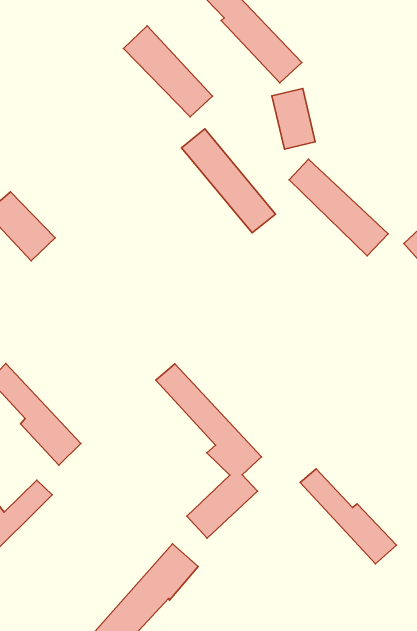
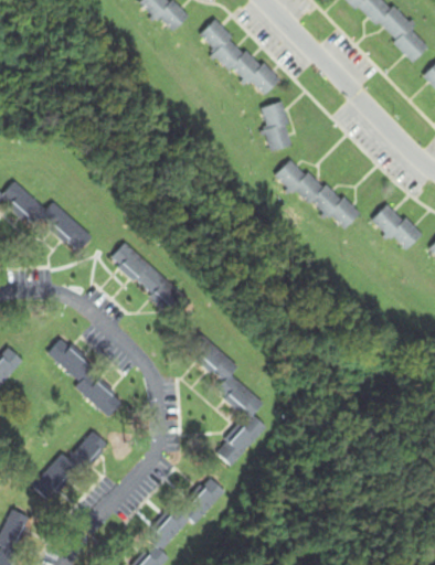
building: [124,26,212,117] -> none
building: [181,129,275,233] -> [110,239,190,320]
building: [300,469,396,564] -> none

